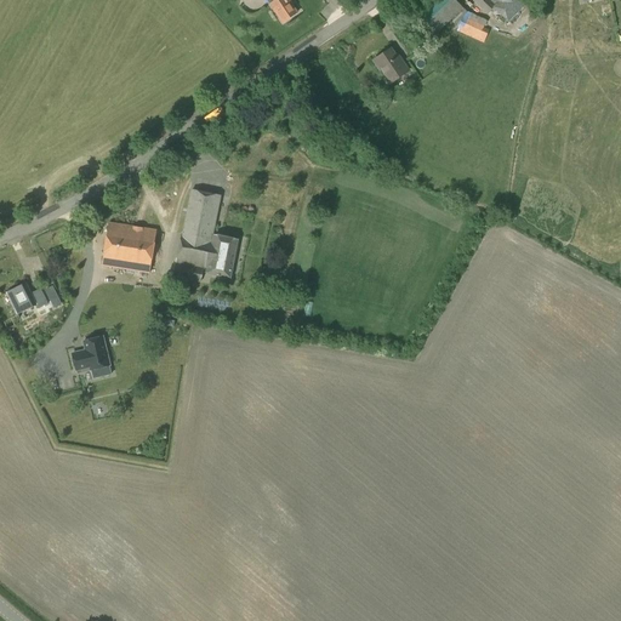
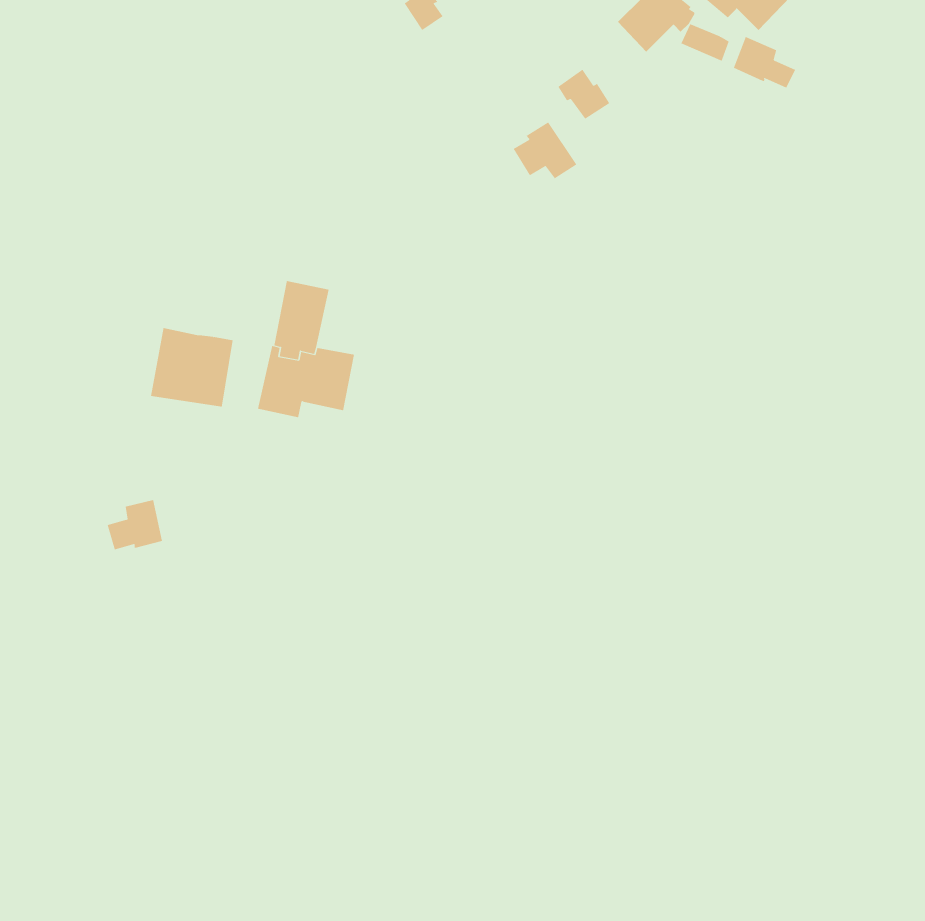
building: none -> [733,36,796,89]
building: none -> [513,122,577,179]
building: [6,281,47,312] -> none

